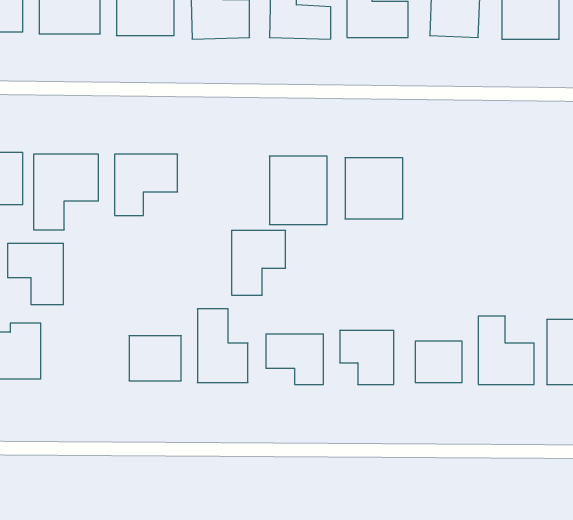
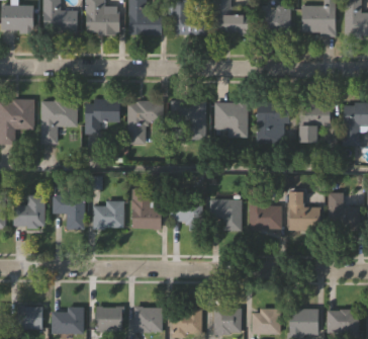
building: none -> [258,102,291,140]
building: none -> [301,103,333,142]
building: [232,230,286,295] -> [128,101,159,138]
building: [8,243,63,305] -> [54,194,85,229]

